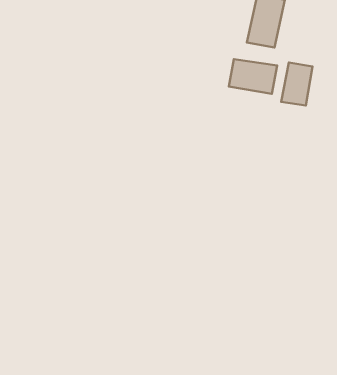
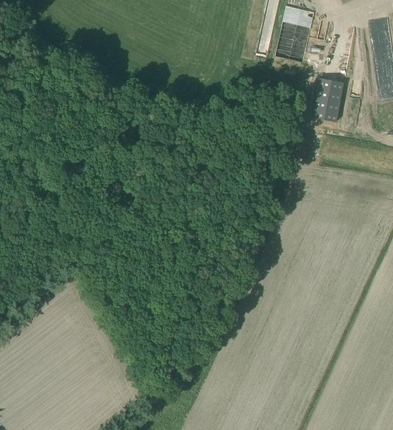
building: [229,59,277,94] -> none

